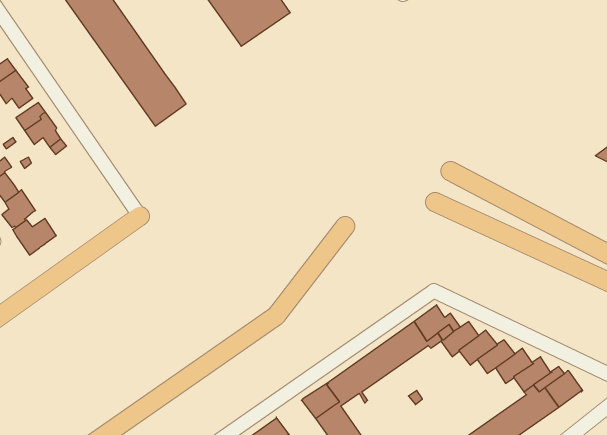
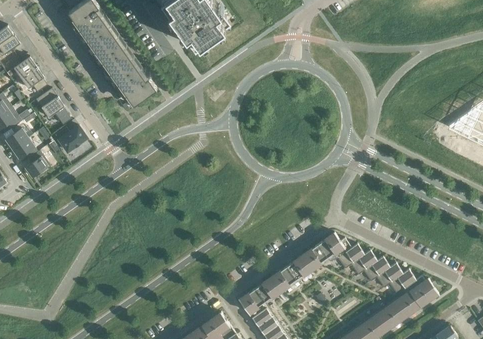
building: [13,218,56,255] -> [55,127,86,153]

